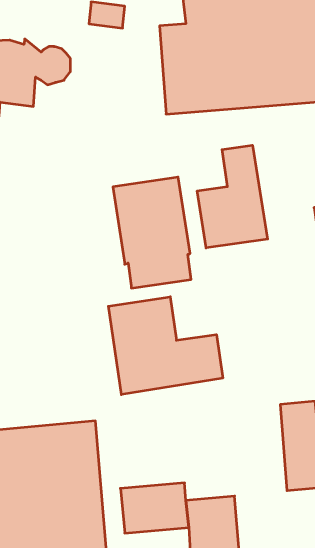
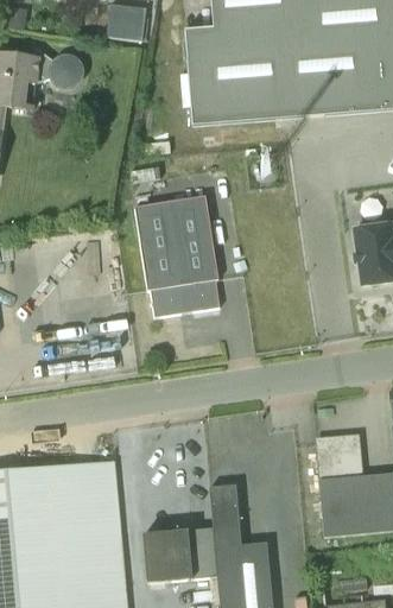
building: [197,145,268,248] -> none
building: [108,297,223,395] -> none
building: none -> [208,484,239,528]

